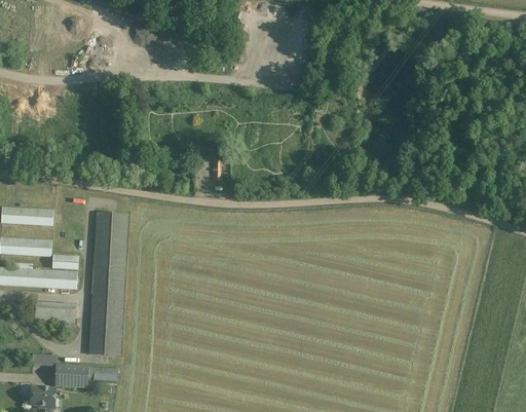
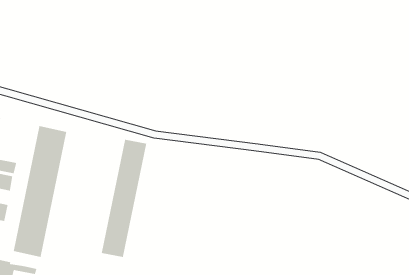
building: none -> [101,139,147,258]

